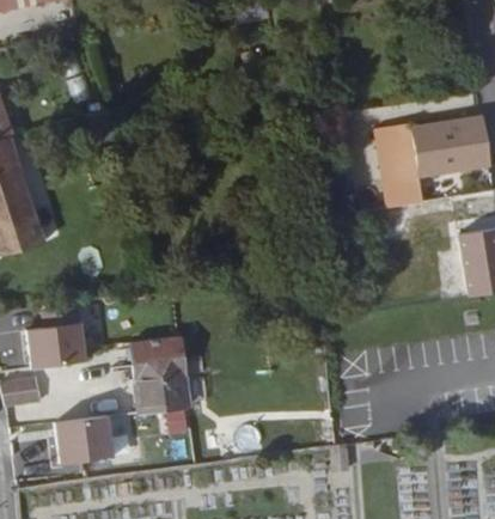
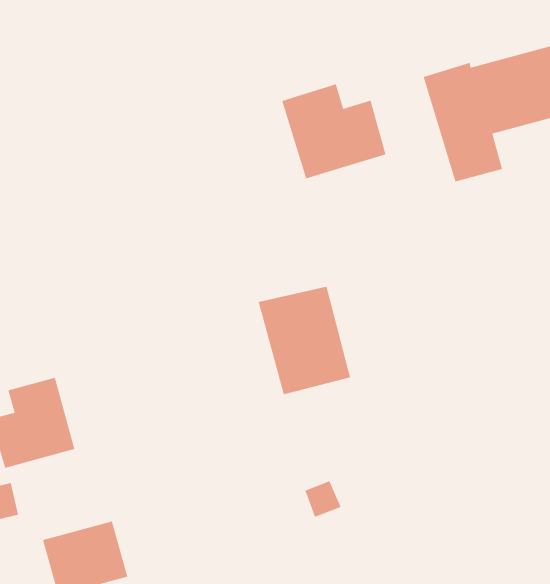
building: none -> [281,84,386,179]
building: [130,341,190,415] -> [258,286,351,395]

